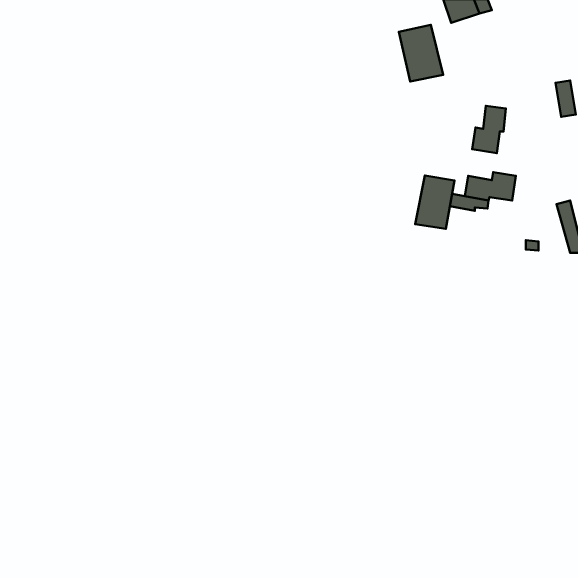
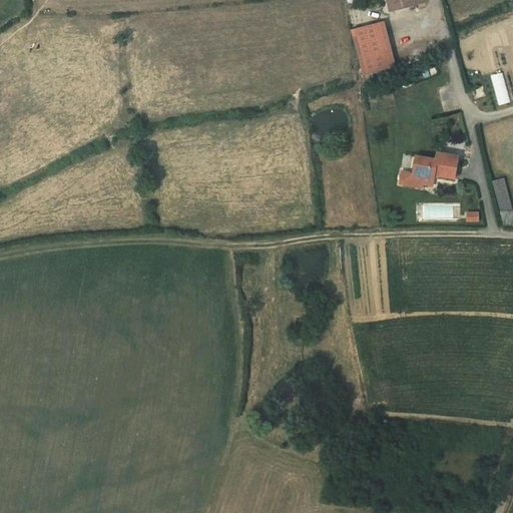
building: [472,106,506,153] -> none
building: [415,176,455,229] -> none

